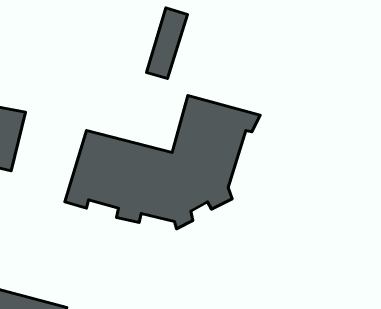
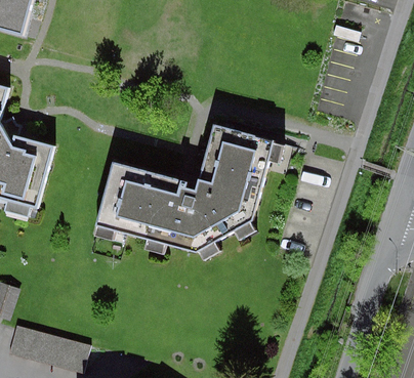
building: [146,8,188,78] -> none

